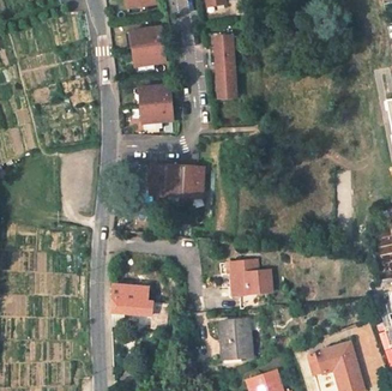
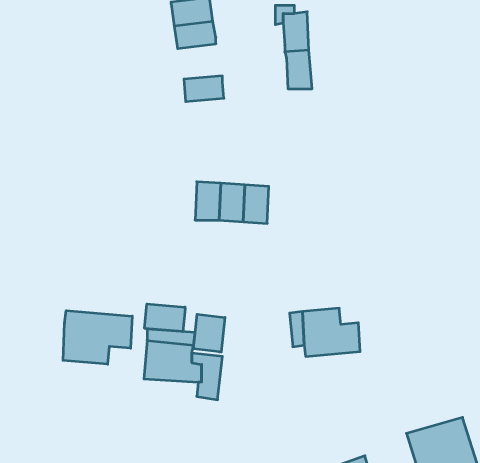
building: [141,102,171,122] -> none
building: none -> [145,304,185,332]
building: none -> [63,311,132,364]
building: none -> [193,314,225,352]
building: [218,318,251,359] -> none

